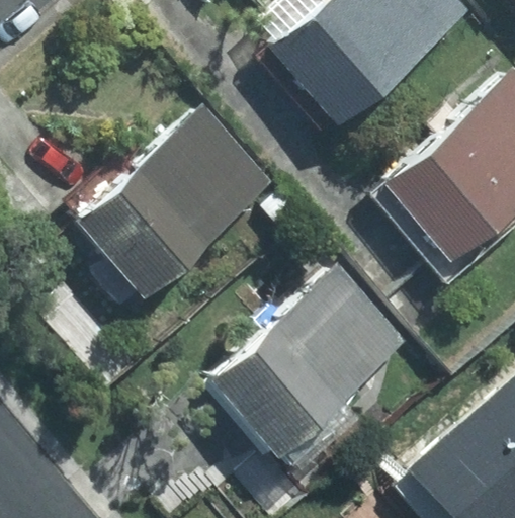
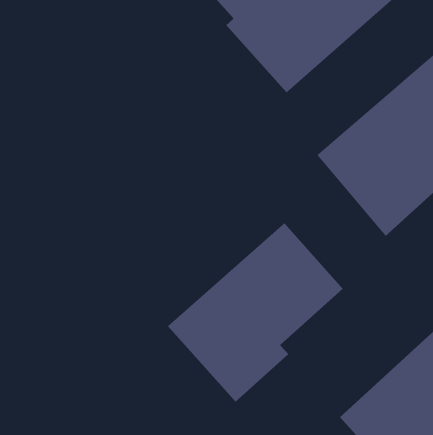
building: [77,106,272,295] -> none

